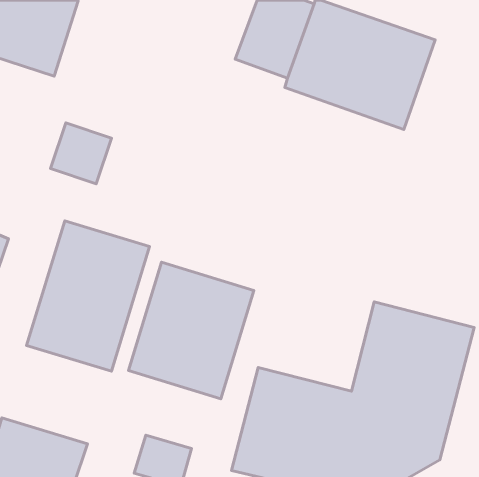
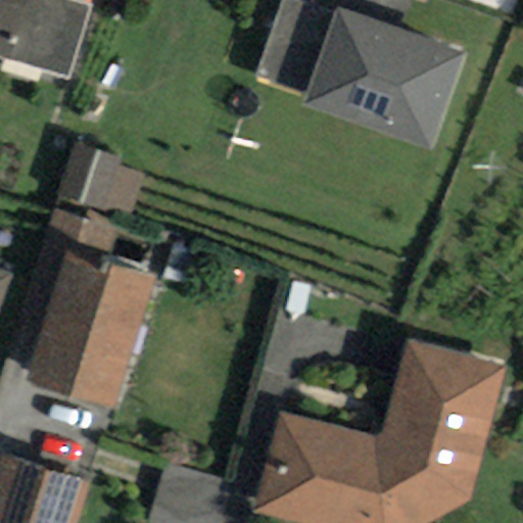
building: [128,262,254,399] -> none

